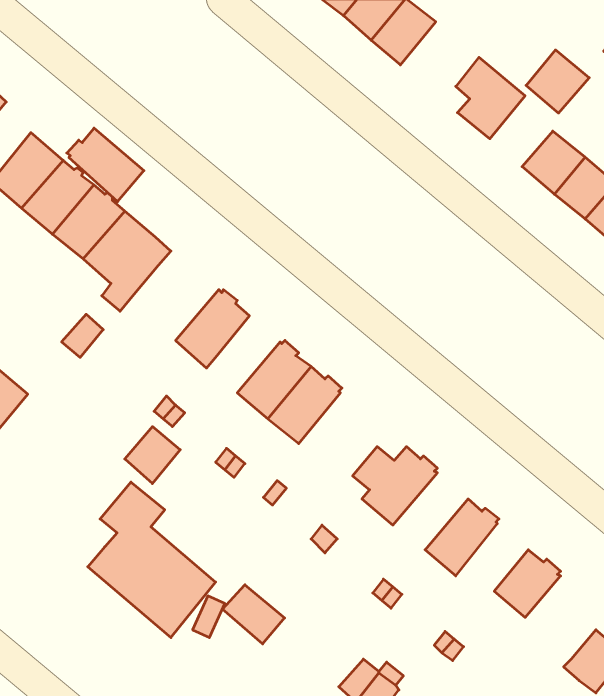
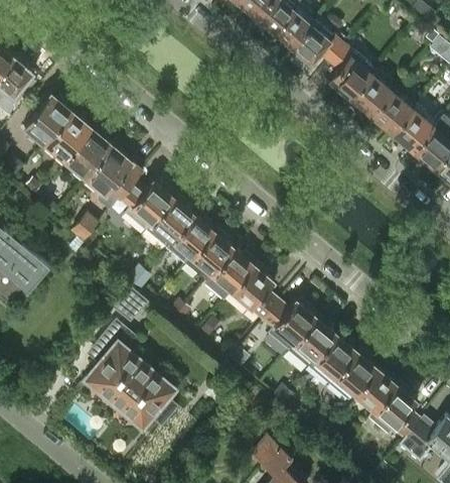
building: none -> [293,22,344,66]
building: [526,50,589,113] -> [351,76,393,117]
building: [67,128,144,202] -> none
building: none -> [119,182,174,231]
building: none -> [166,215,214,265]
building: none -> [232,265,278,320]
building: none -> [288,317,337,368]
building: none -> [329,351,377,402]
building: none -> [368,384,421,440]
building: [222,585,285,644] -> none

